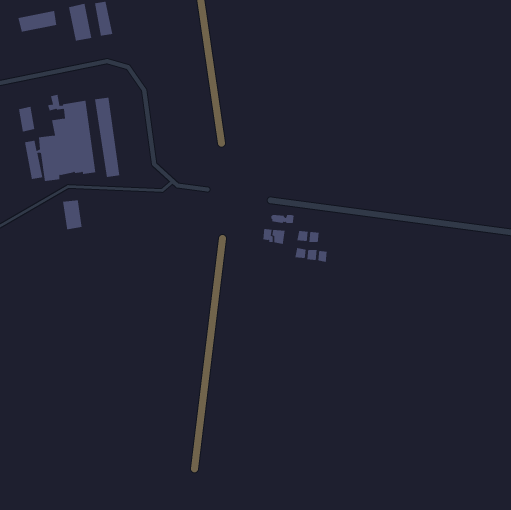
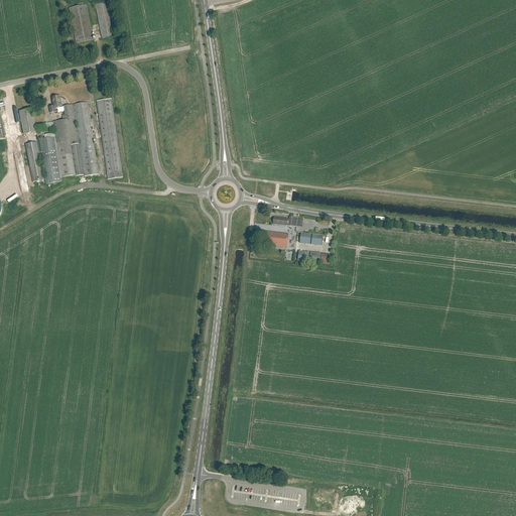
building: [18,10,57,33] -> none
building: [63,199,82,230] -> none

